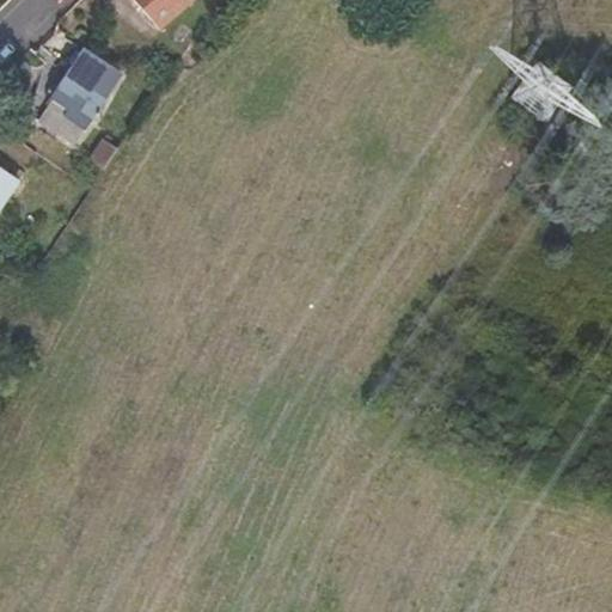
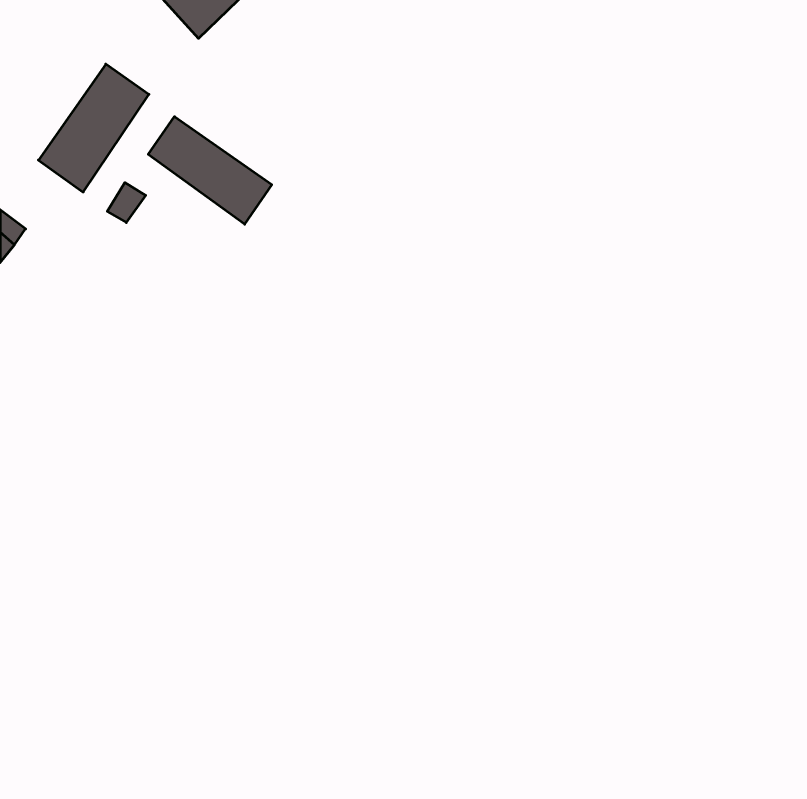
building: none -> [148,117,272,224]

